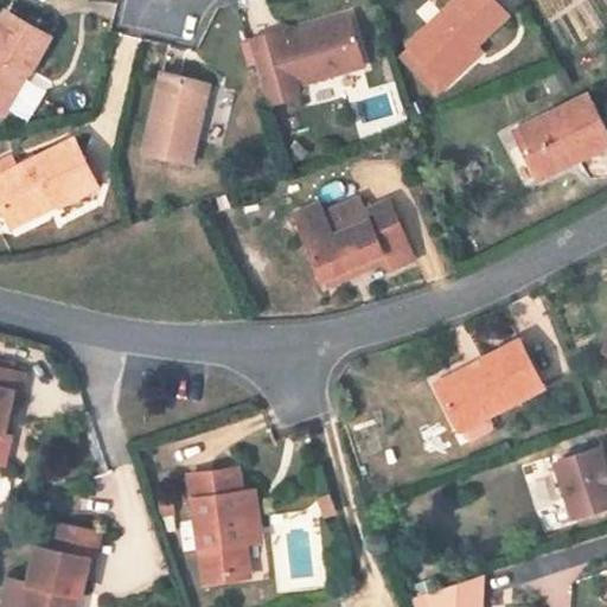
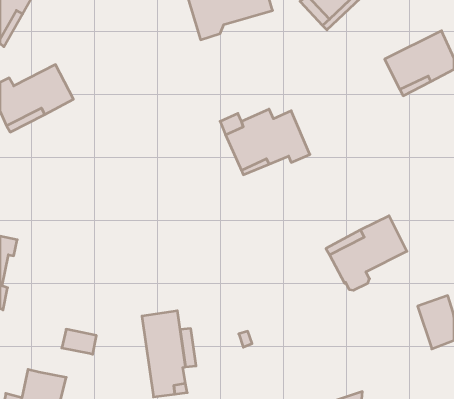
building: [143,72,210,164] -> none
building: [52,524,98,557] -> [62,329,96,354]

